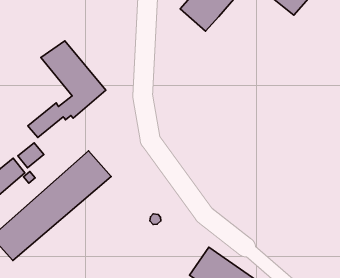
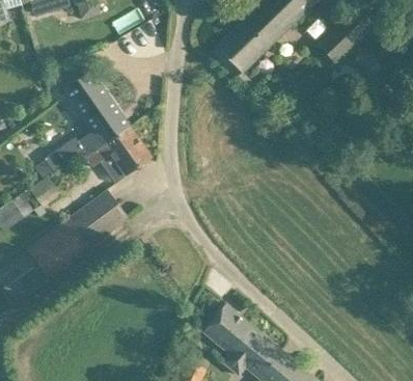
building: none -> [84,127,152,183]

